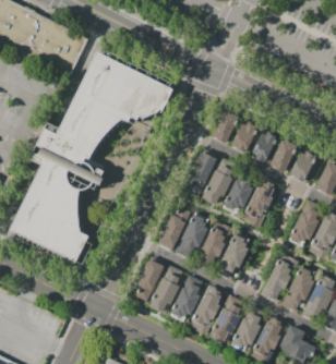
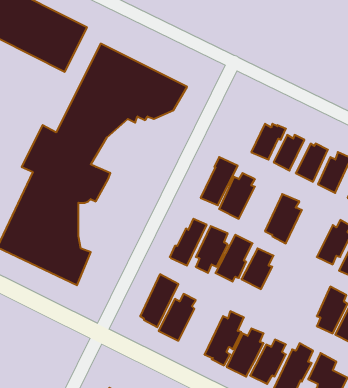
building: [209,110,238,143] -> none
building: [223,177,253,213] -> none
building: [260,254,297,301] -> none
building: [170,282,202,324] -> none

